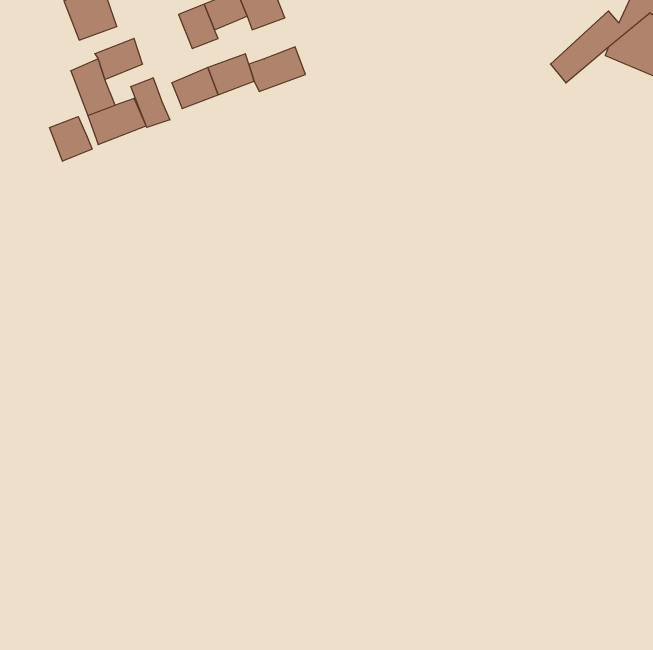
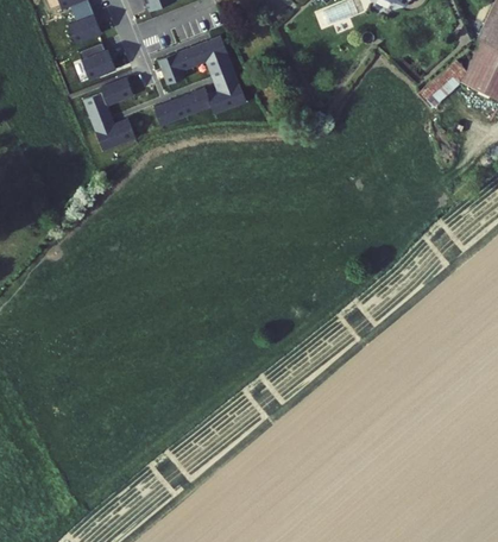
building: none -> [209,62,239,90]
building: [131,78,170,127] -> none
building: [49,117,92,161] -> none

